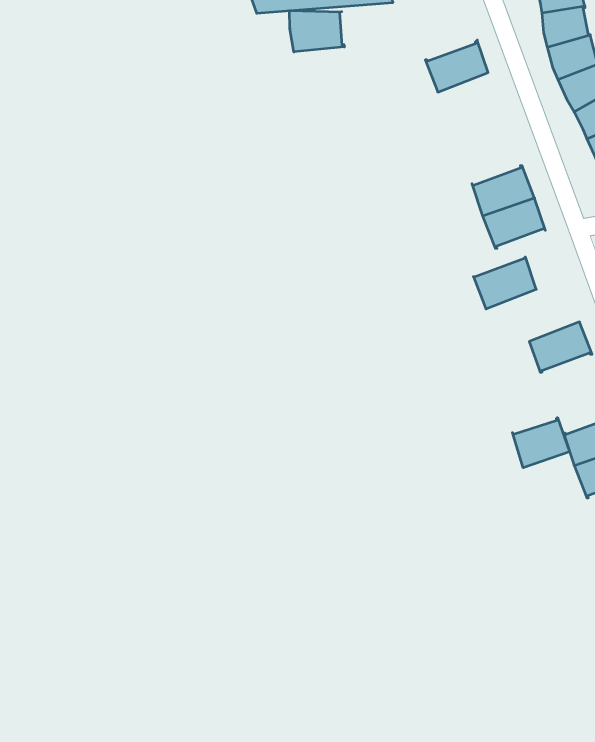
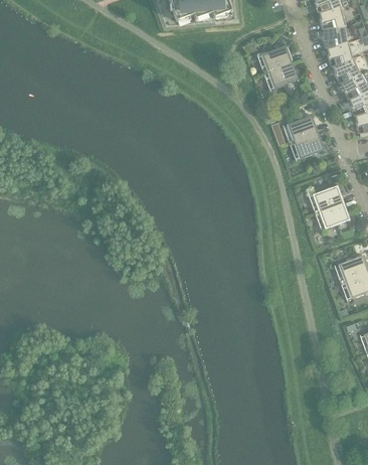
building: [289,11,344,52] -> none
building: none -> [262,61,298,90]
building: [473,257,536,309] -> [307,183,342,212]
building: [512,418,570,468] -> none

